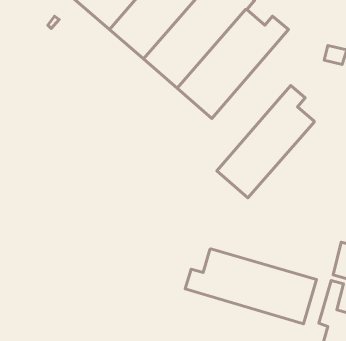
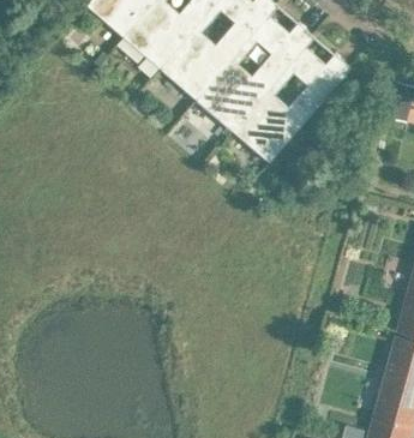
building: [217,85,314,198] -> none
building: [185,249,316,324] -> none

